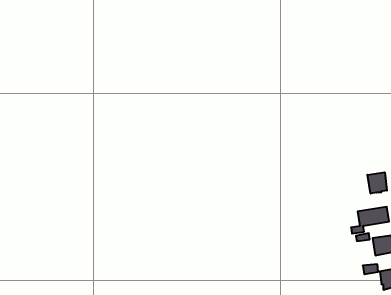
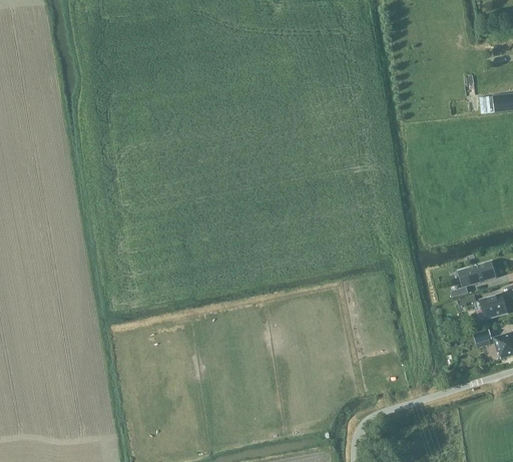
building: [367,172,387,194] -> none

